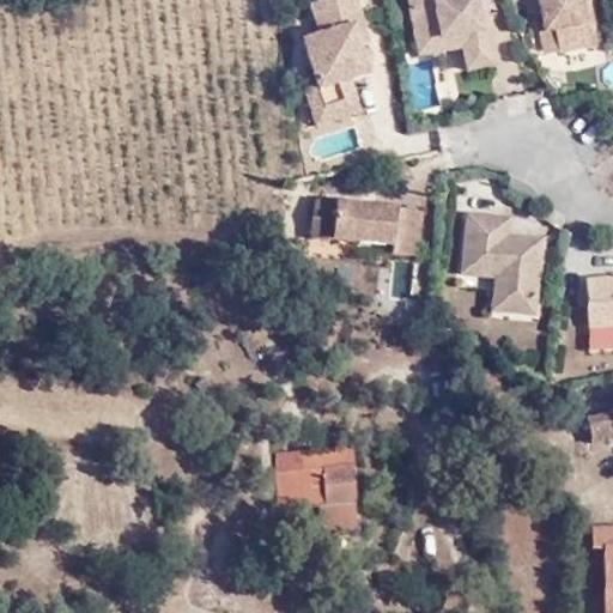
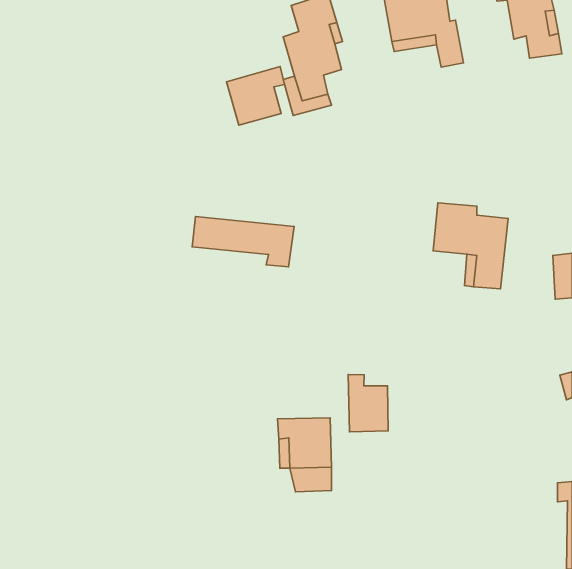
building: none -> [227,67,284,125]
building: [309,200,418,254] -> [192,217,294,267]
building: none -> [348,375,388,432]

